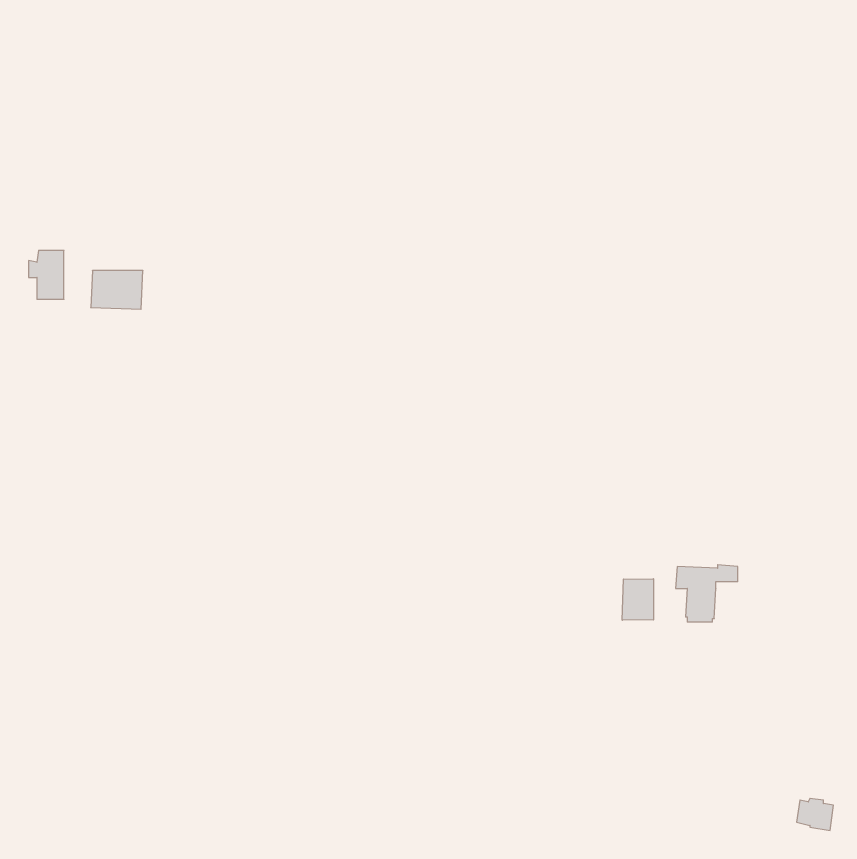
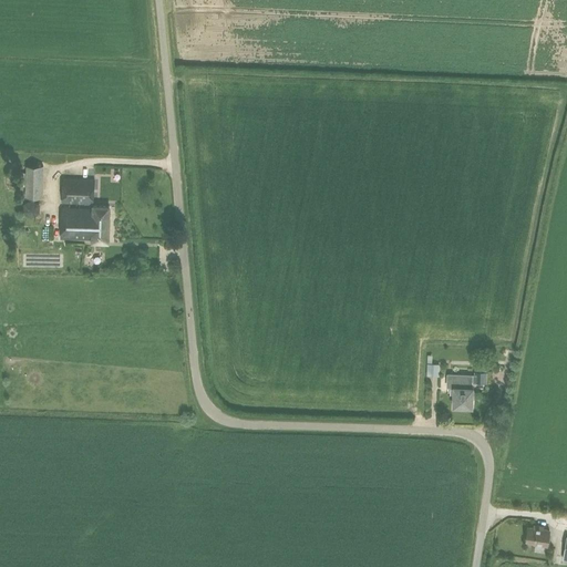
building: none -> [59,206,109,241]
building: [622,579,653,620] -> none

